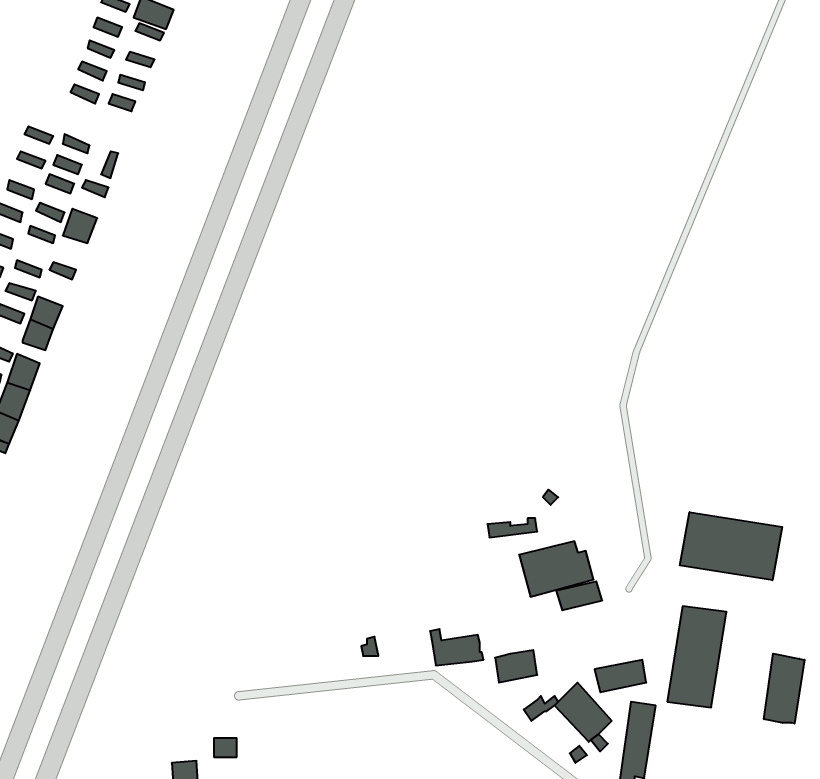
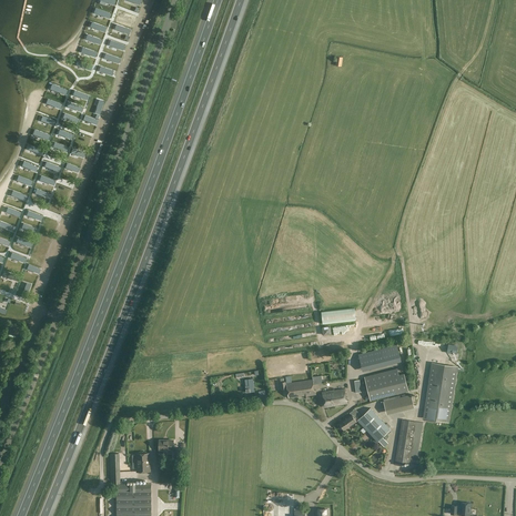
building: [680,512,782,580] -> none
building: [519,541,594,597] -> [364,368,407,401]
building: [764,654,805,724] -> none

